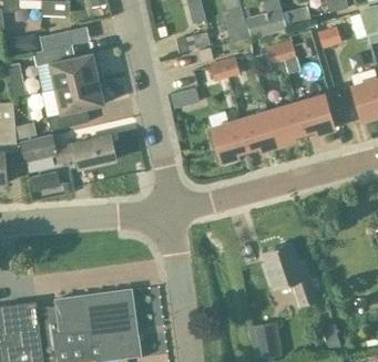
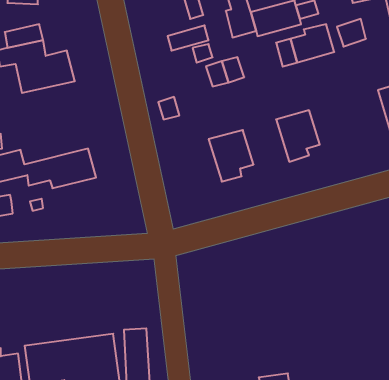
building: [45,79,103,131] -> none
building: [294,94,334,134] -> none
building: [238,111,277,151] -> none
building: [260,242,317,307] -> none

